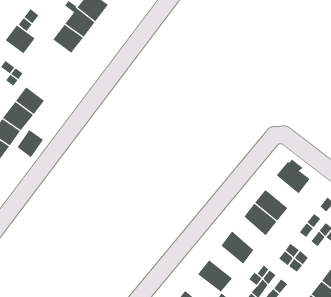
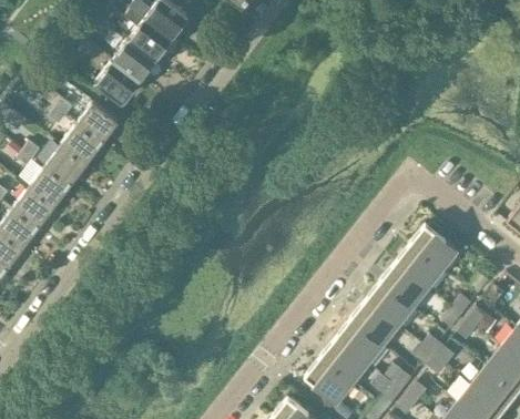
building: [5,24,36,54] -> [95,63,136,103]
building: none -> [75,104,118,145]
building: [17,129,44,158] -> none
building: none -> [396,245,441,289]
building: none -> [351,300,397,346]
building: none -> [320,339,367,384]

